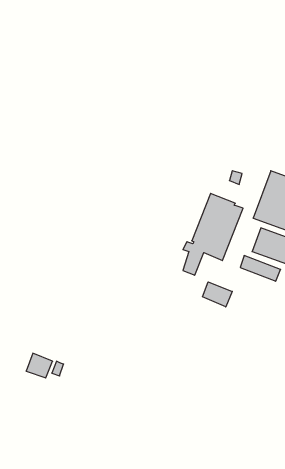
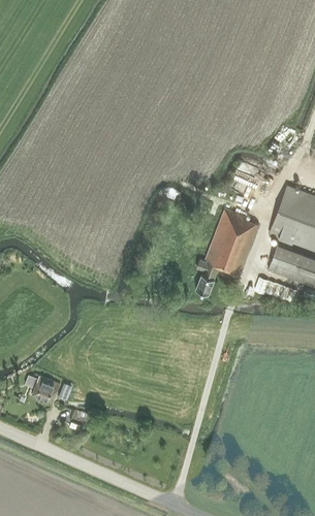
building: [203,282,232,307] -> none

